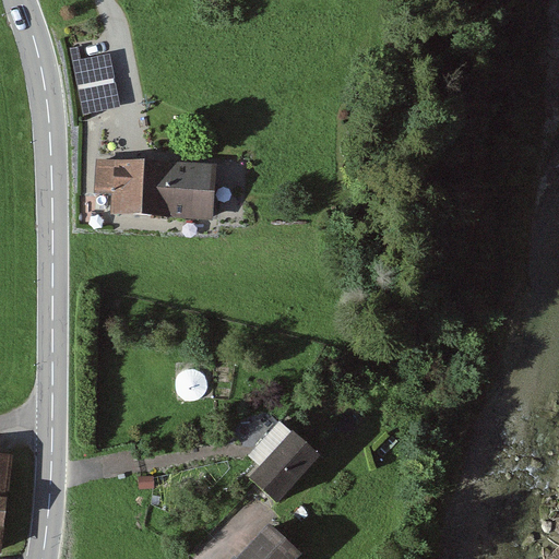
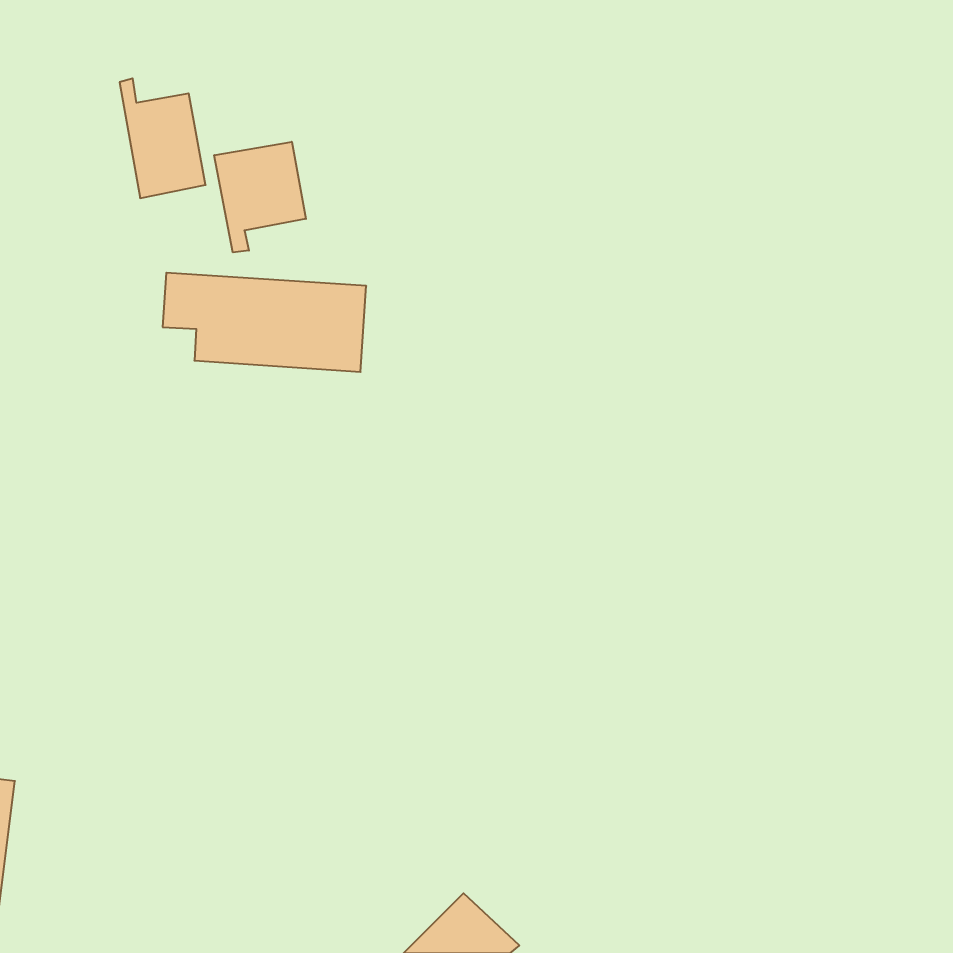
building: none -> [214,142,306,252]
building: [250,429,319,501] -> none

